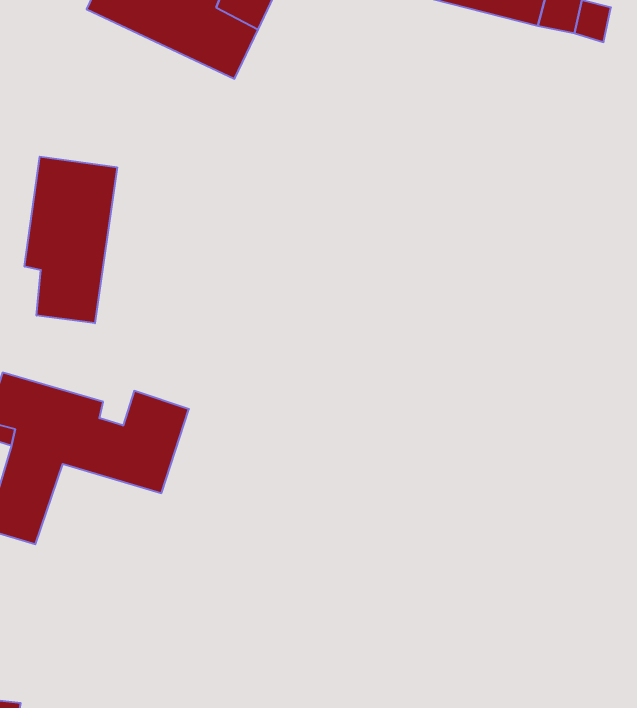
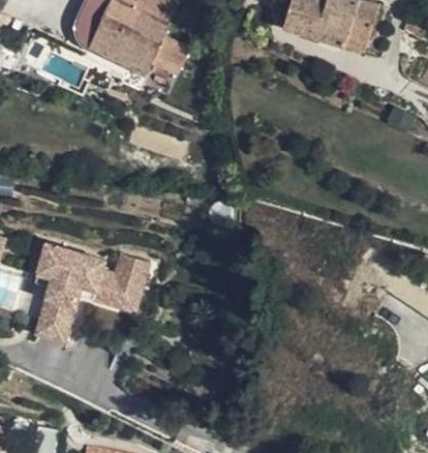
building: [25,157,117,323] -> none

